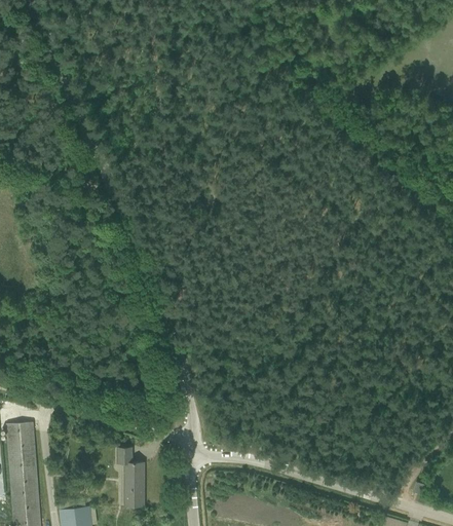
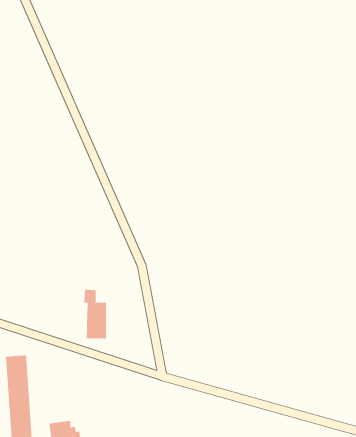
building: [117,449,145,508] -> [83,289,107,339]

